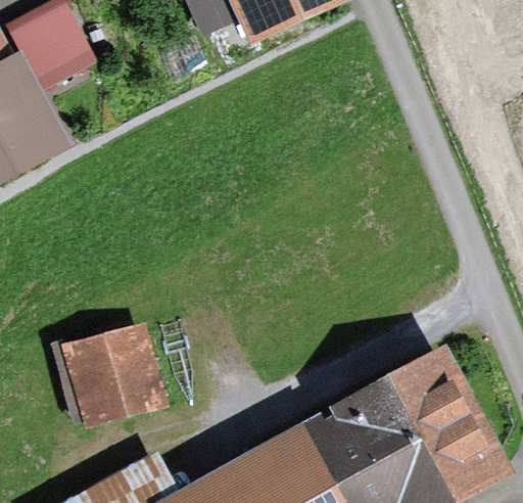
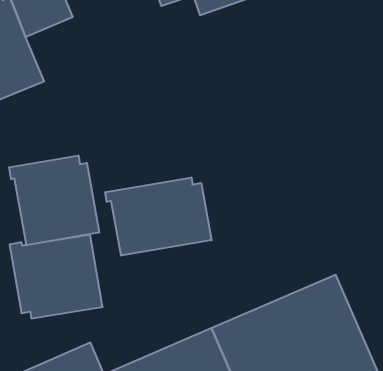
building: none -> [9,155,99,245]
building: none -> [105,177,212,256]

